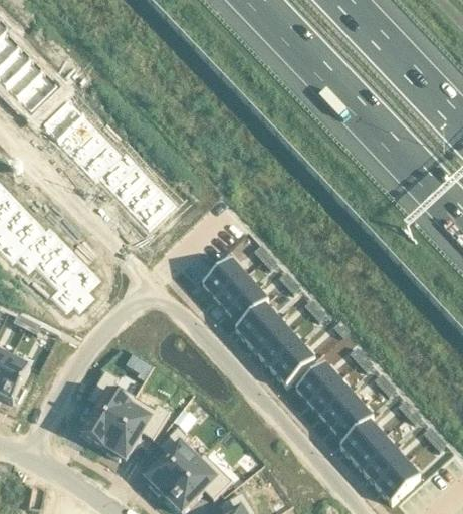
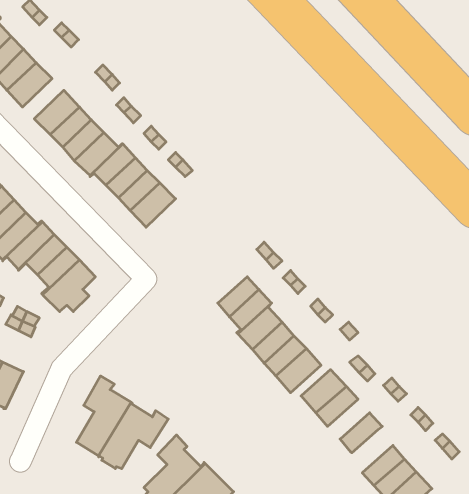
building: [201,259,244,300] -> none
building: [320,392,361,430] -> none
building: [339,421,383,462] -> none

